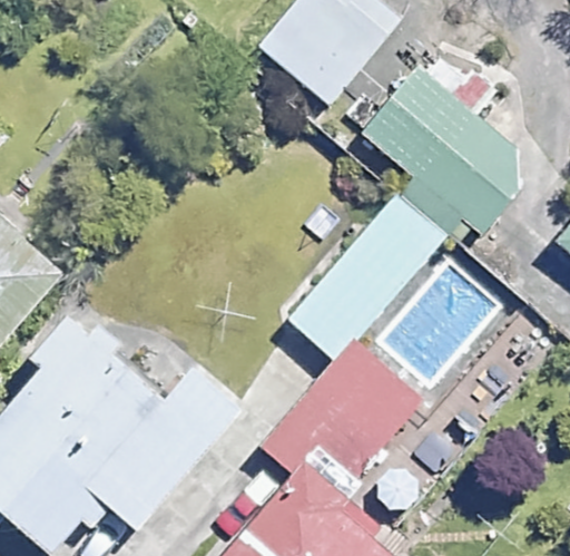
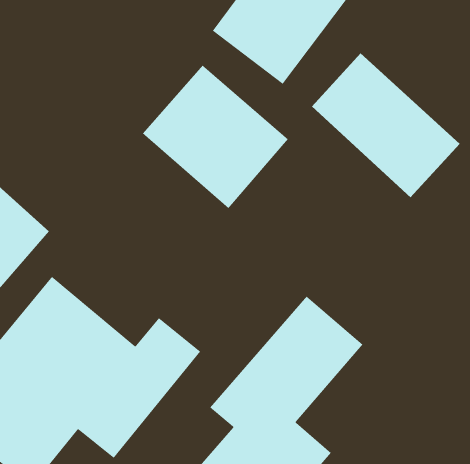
building: none -> [142,65,289,209]
building: [288,195,446,363] -> none

